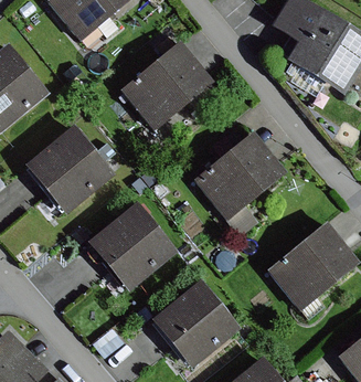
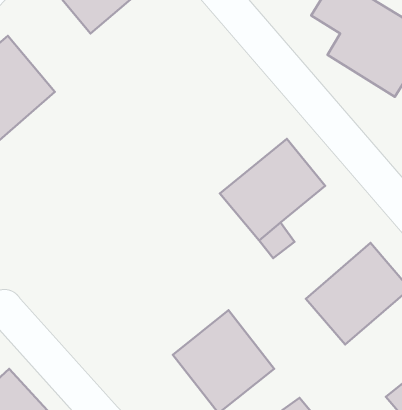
building: [120,41,211,129] -> none
building: [26,126,115,214] -> none
building: [86,203,177,293] -> none

